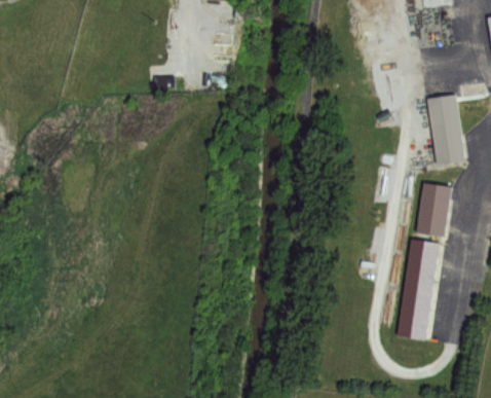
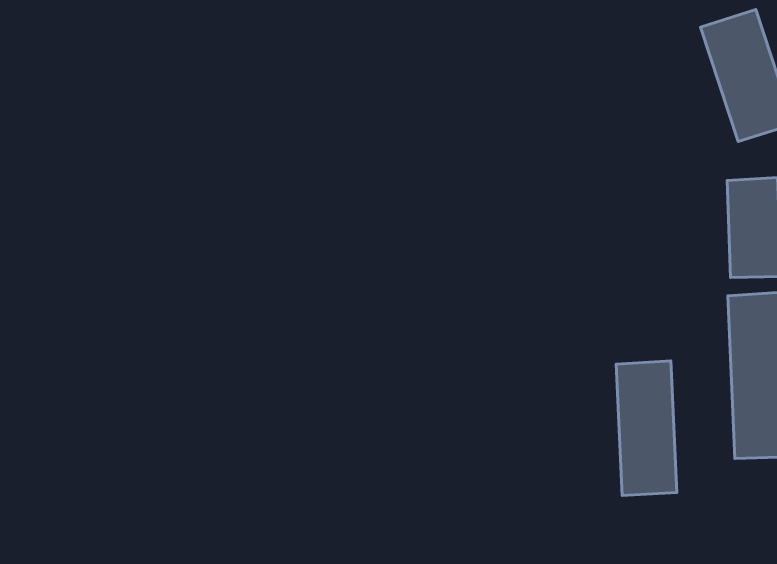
building: none -> [616,361,677,496]

